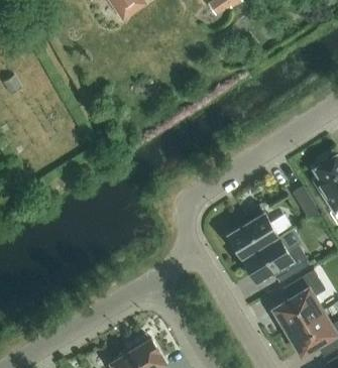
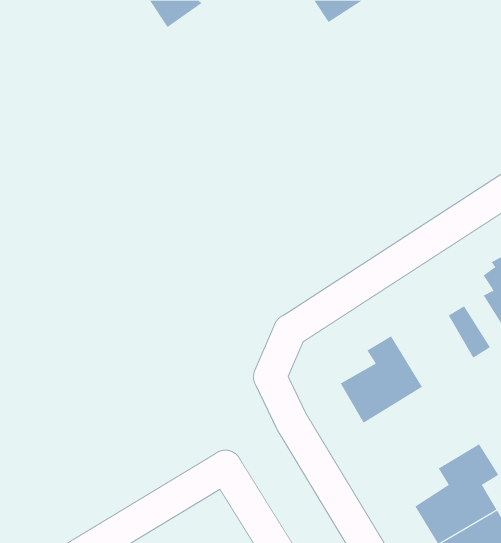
building: [241,236,309,281] -> none

